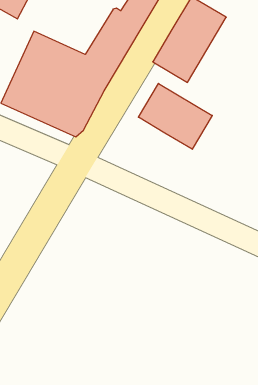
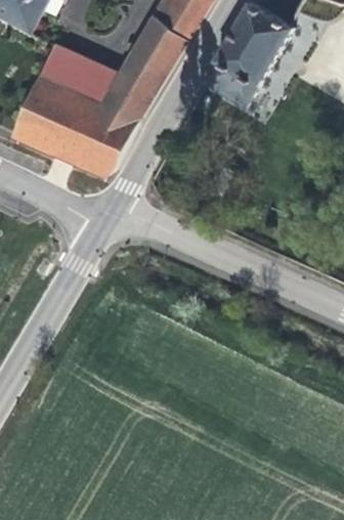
building: [138,83,212,149] -> none

